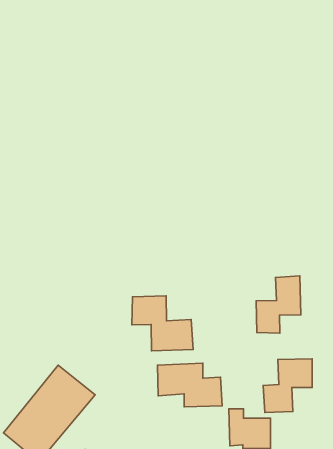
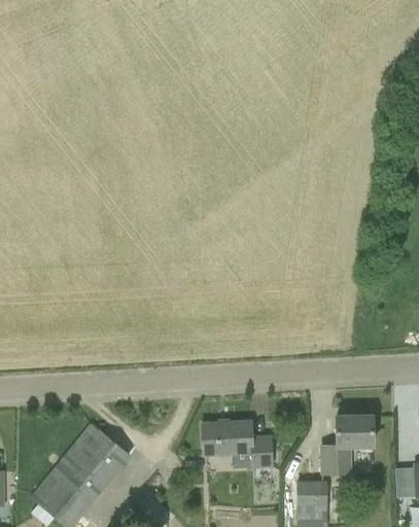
building: [256,276,301,333] -> none
building: [132,296,193,351] -> none

